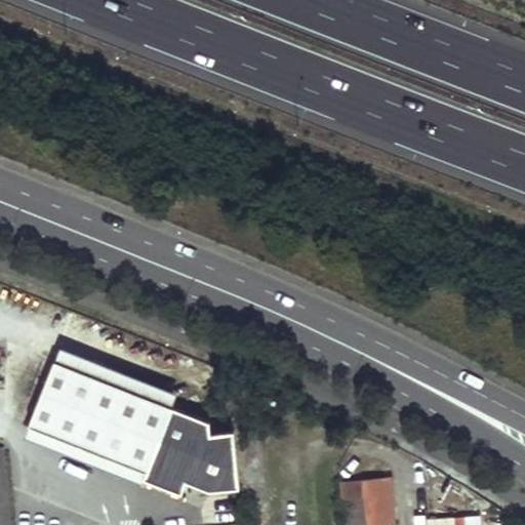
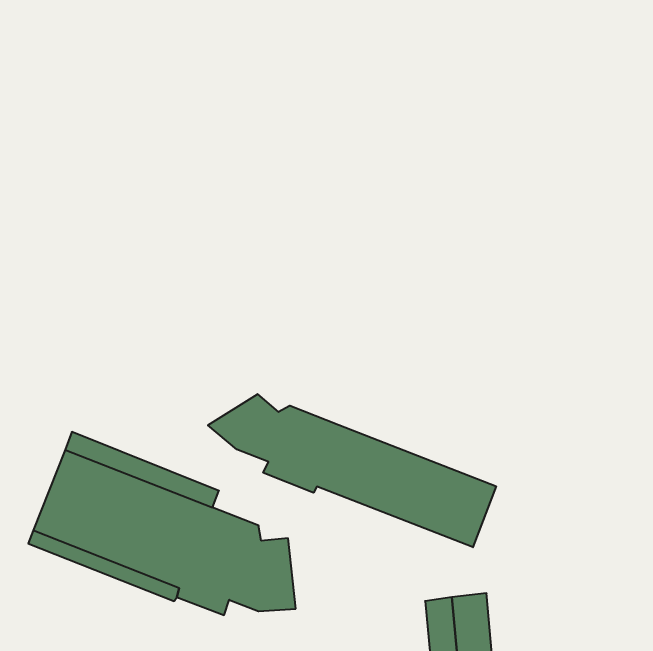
building: none -> [208,394,496,547]

